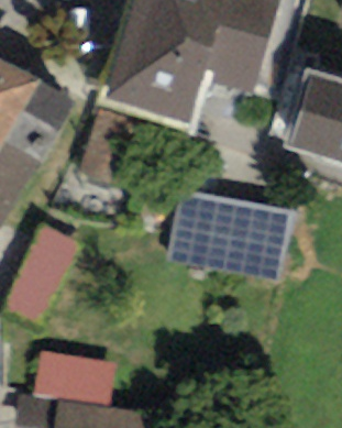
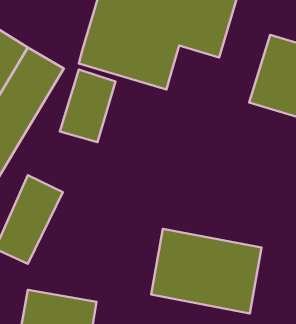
building: [167,185,289,278] -> [151,229,262,313]

